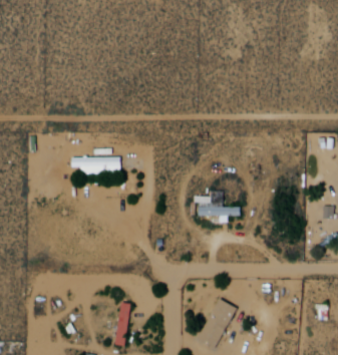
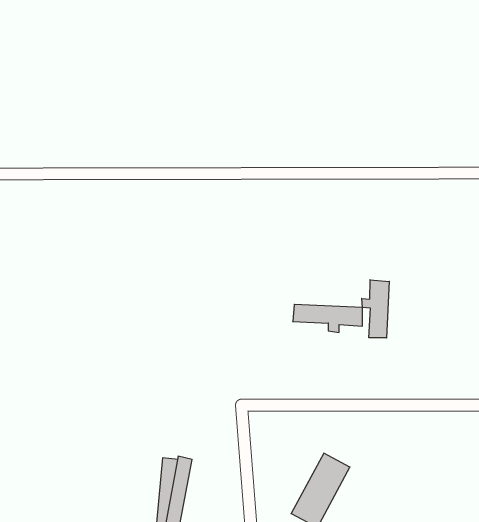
building: [72,156,120,172] -> none
building: none -> [362,280,389,338]

